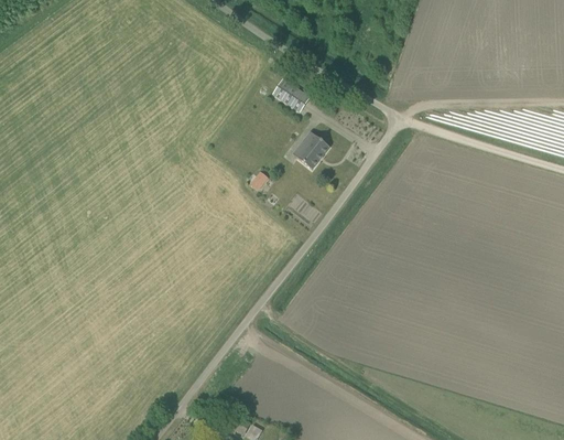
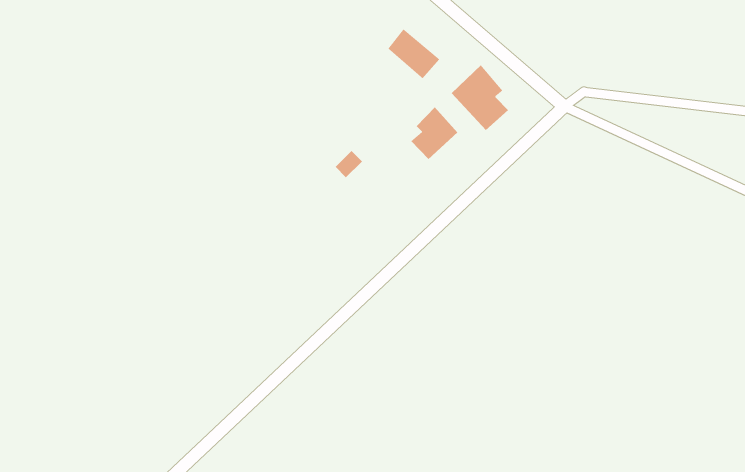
building: none -> [451,64,509,131]

